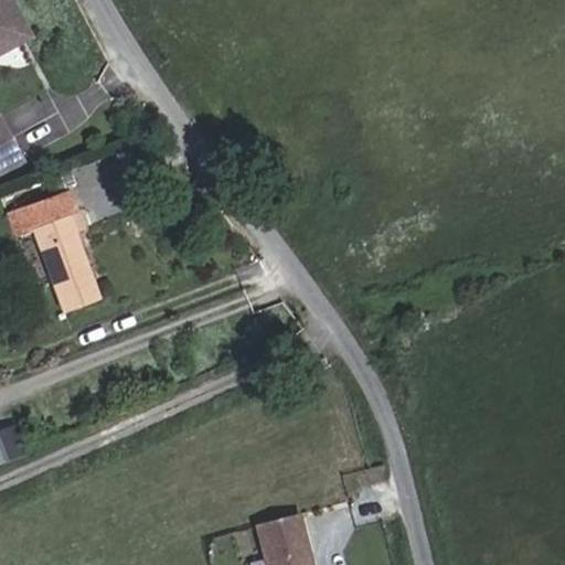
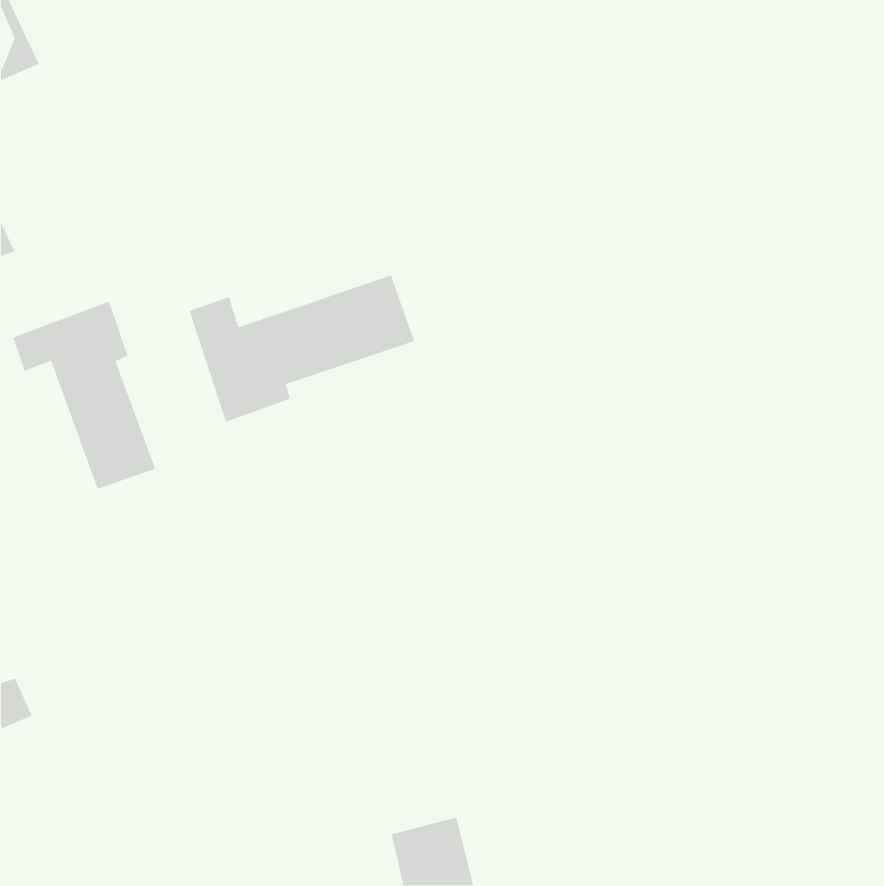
building: none -> [188,274,415,423]

